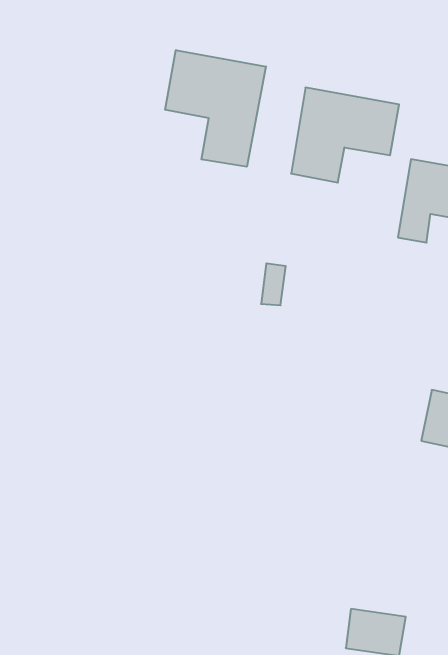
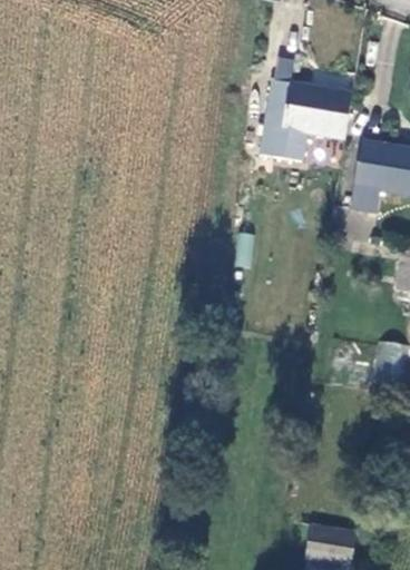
building: [165,50,266,167] -> none

